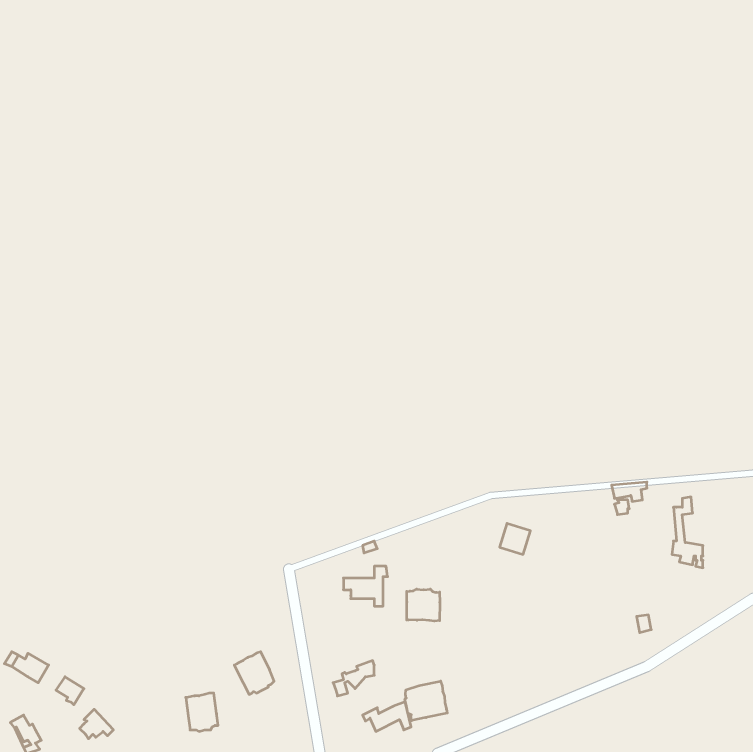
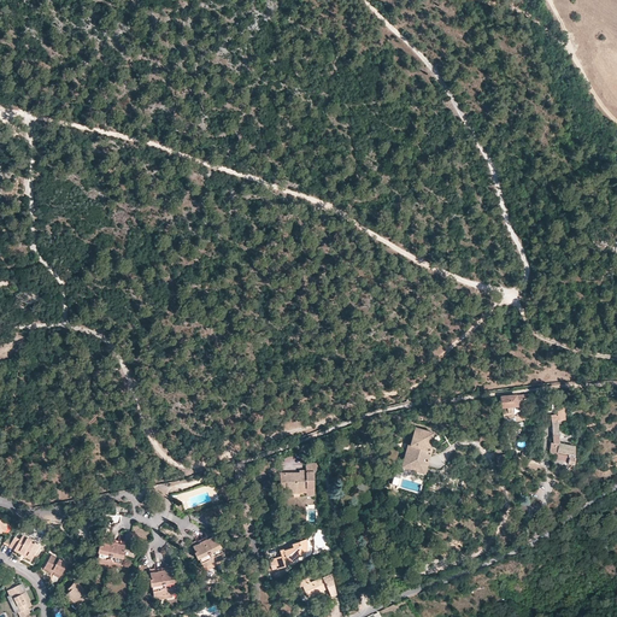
building: none -> [400,447,431,477]
building: [407,589,440,621] -> none
building: none -> [98,537,127,570]
building: [405,681,447,721] -> none

